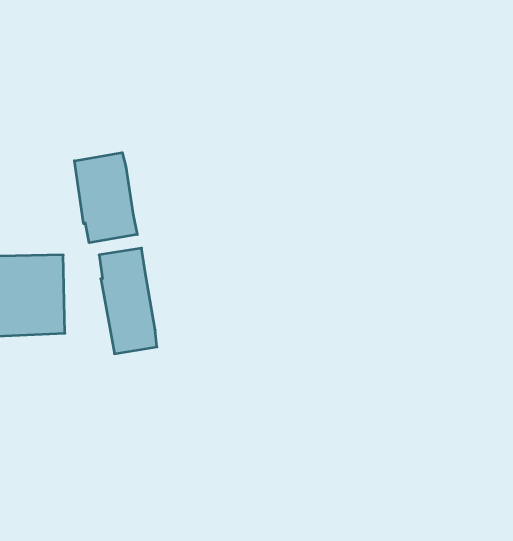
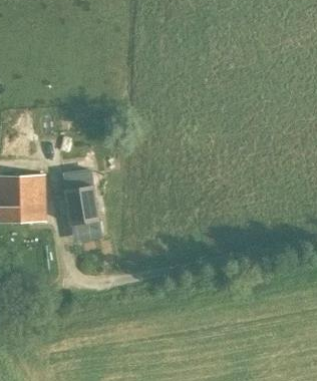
building: [74,153,137,243] -> none

